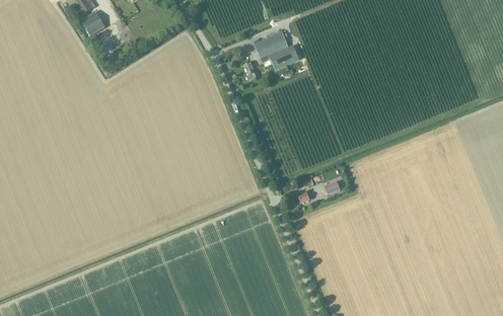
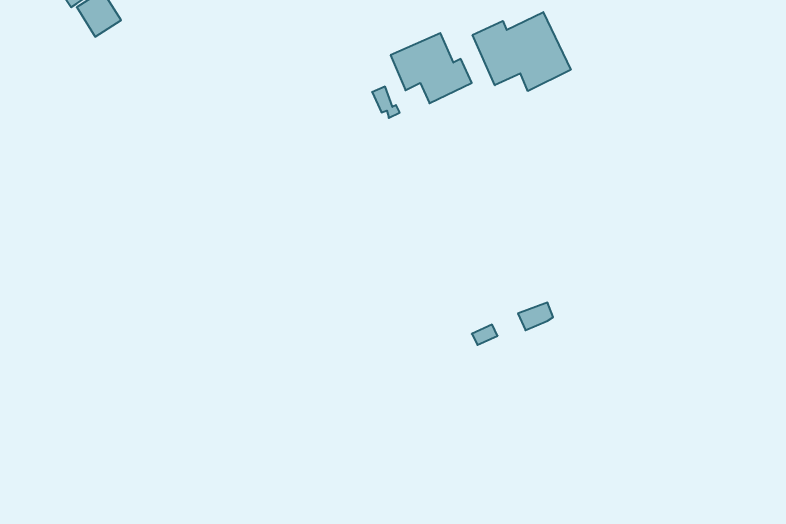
building: none -> [473,12,571,91]

